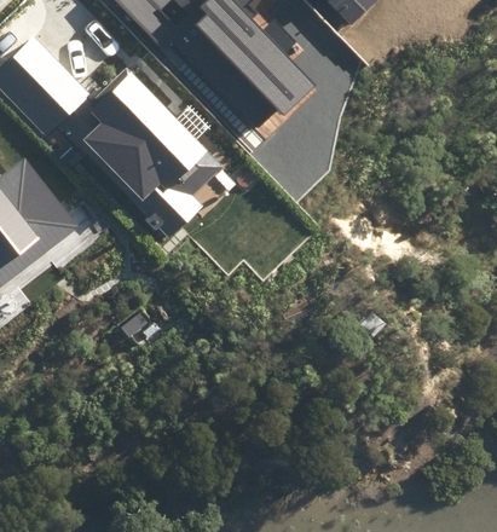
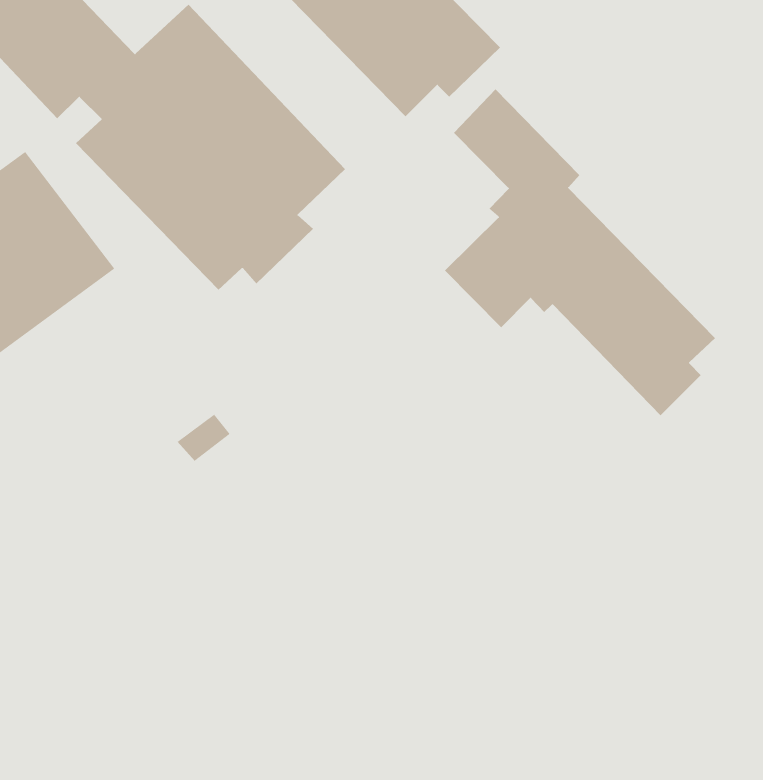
building: none -> [444,89,716,416]

